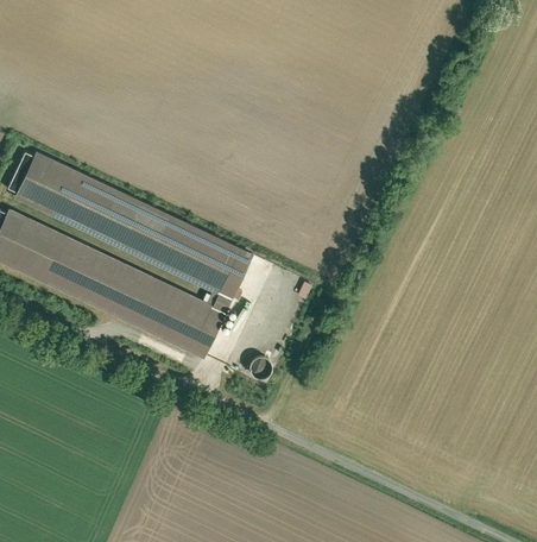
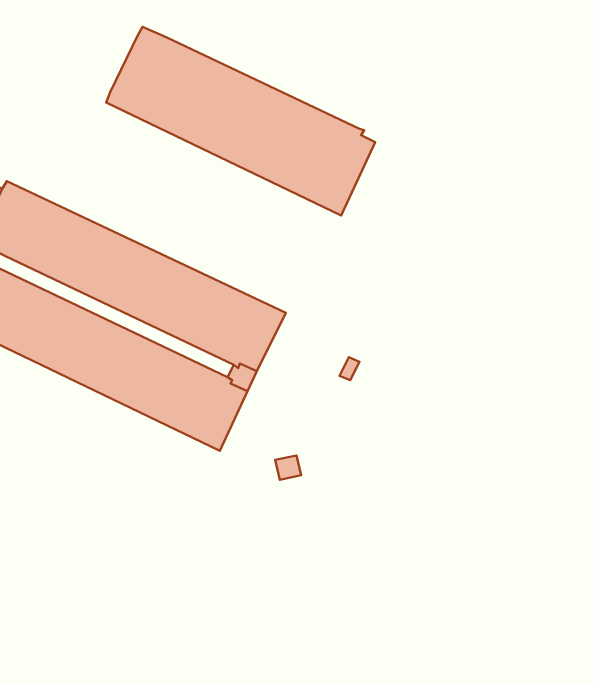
building: none -> [106,27,375,215]

